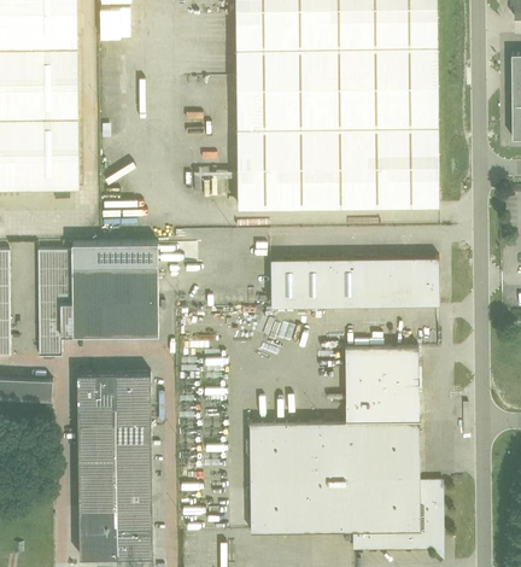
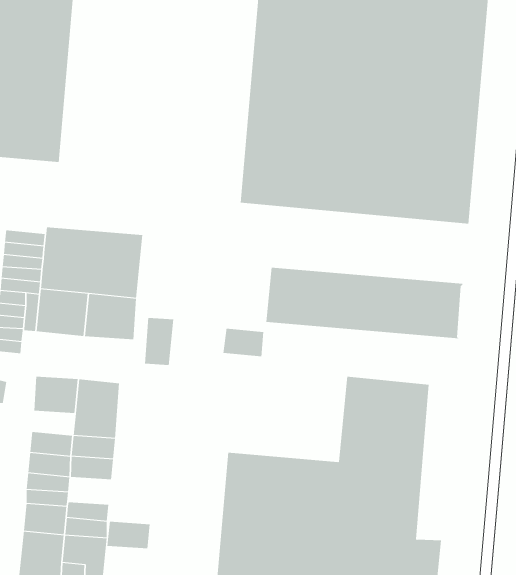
building: none -> [144,317,174,366]
building: none -> [223,328,264,357]
building: [77,404,113,423] -> none
building: [115,458,151,481] -> [107,521,151,549]

